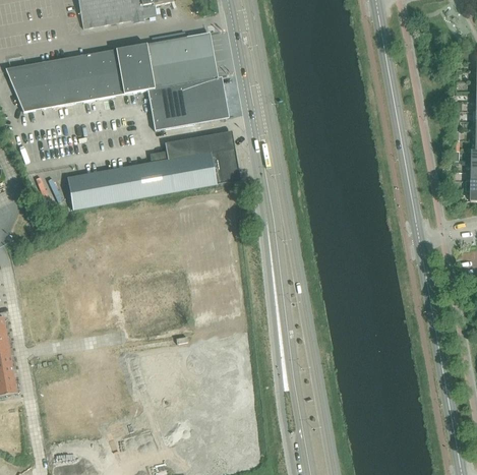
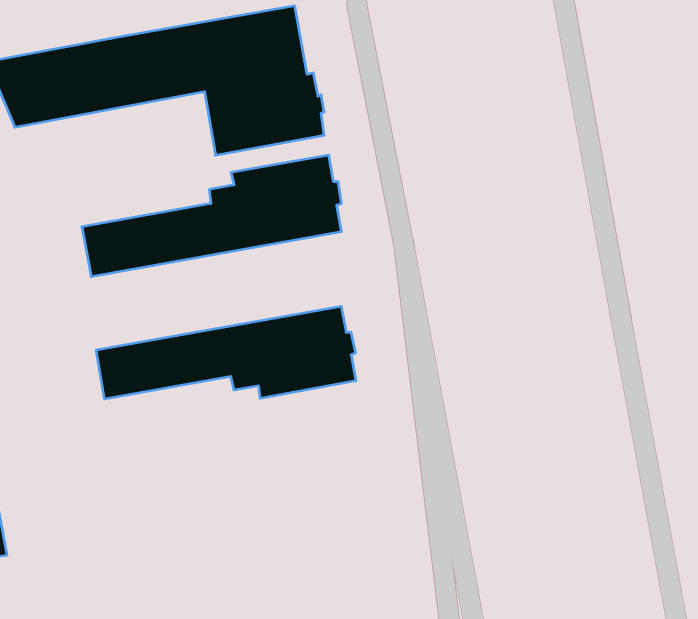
building: none -> [96,306,356,399]

